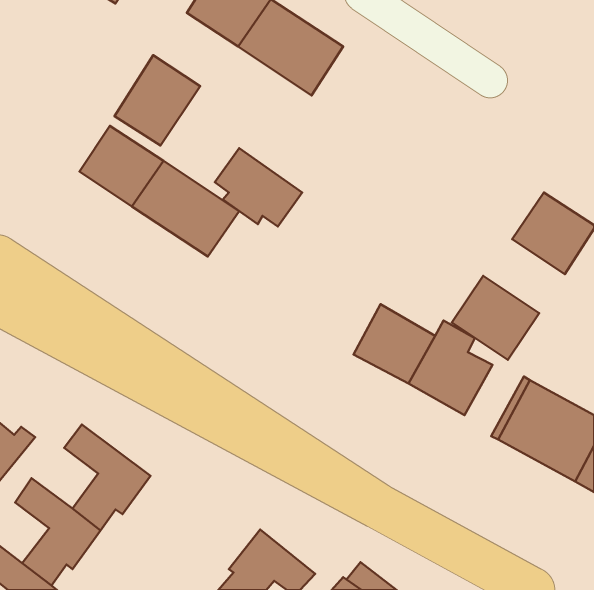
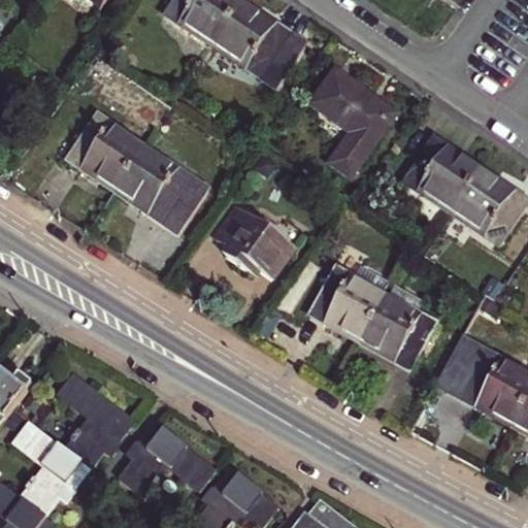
building: [115,55,200,145] -> none
building: none -> [306,65,399,179]
building: [215,148,302,226] -> [218,207,295,276]
building: [452,276,539,360] -> [403,137,481,211]
building: none -> [119,423,214,499]

